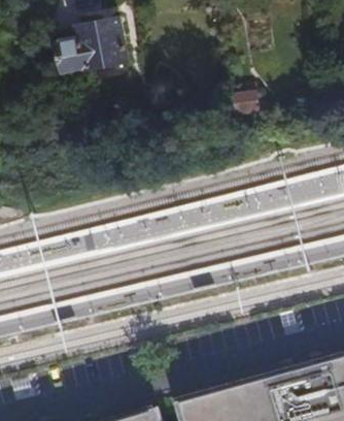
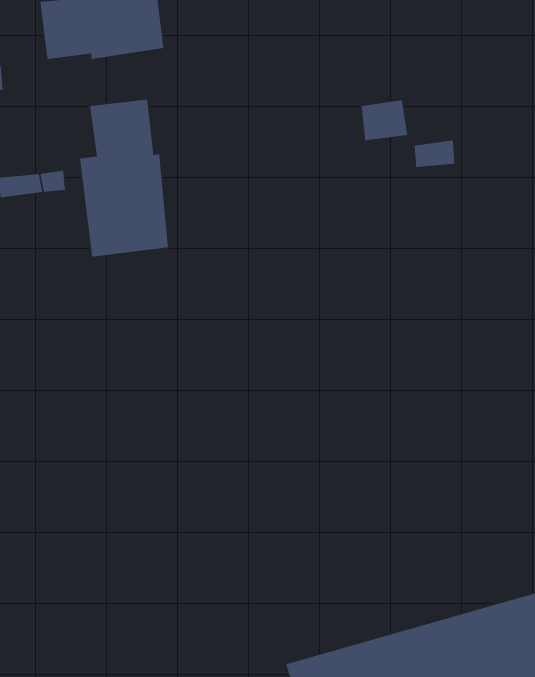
building: none -> [79,99,169,257]

